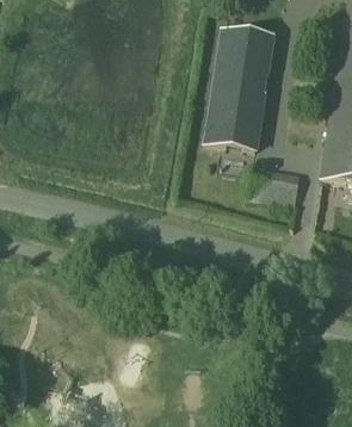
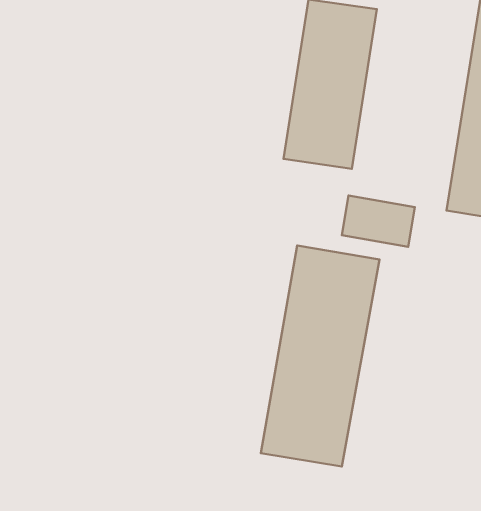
building: none -> [261,246,379,467]

